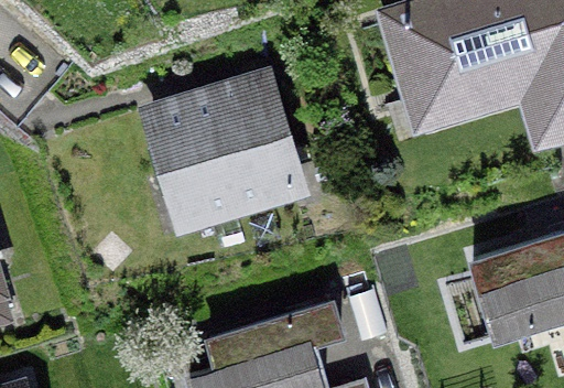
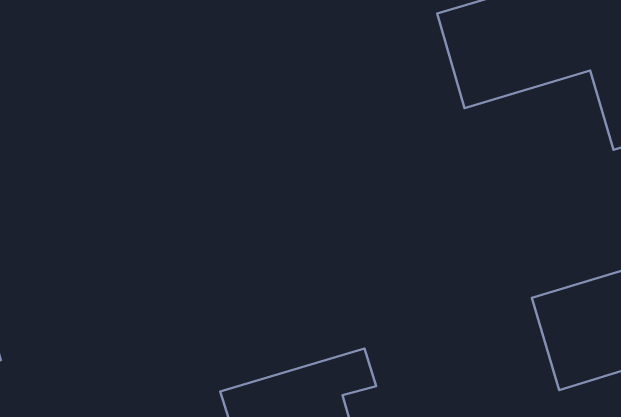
building: [145,86,293,227] -> none

